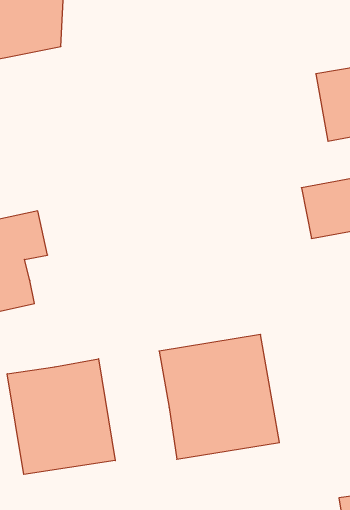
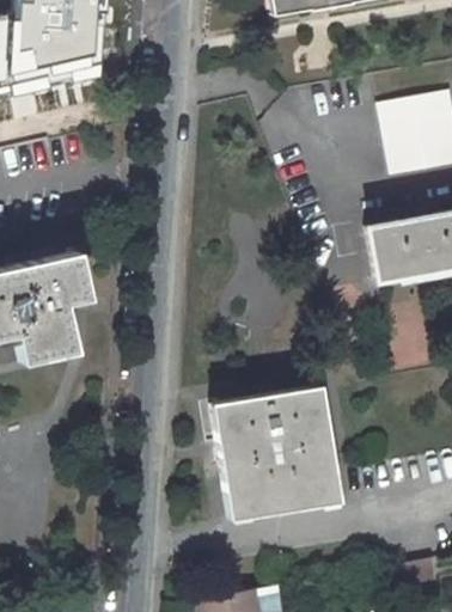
building: [7,359,115,474] -> none

